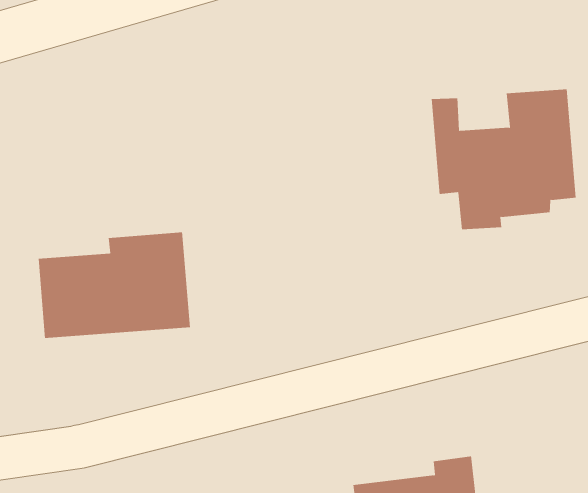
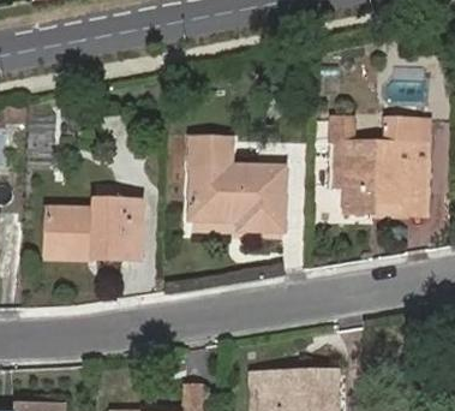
building: none -> [191,138,283,230]

